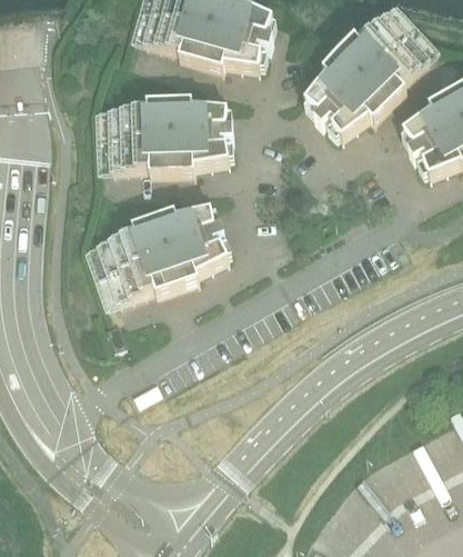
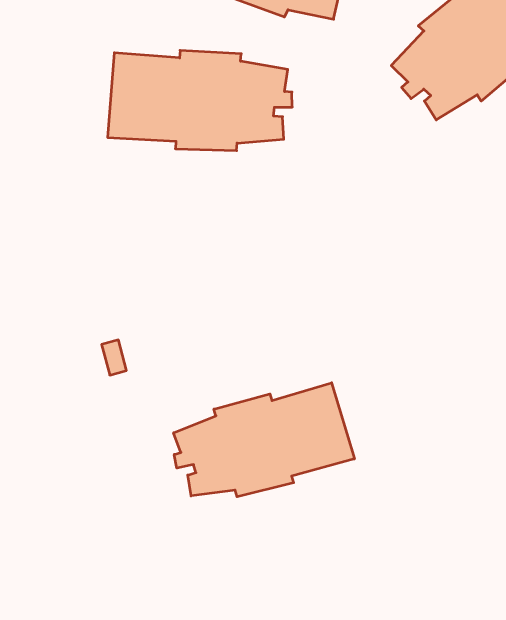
building: [85,203,227,302] -> none
building: none -> [174,383,354,497]

